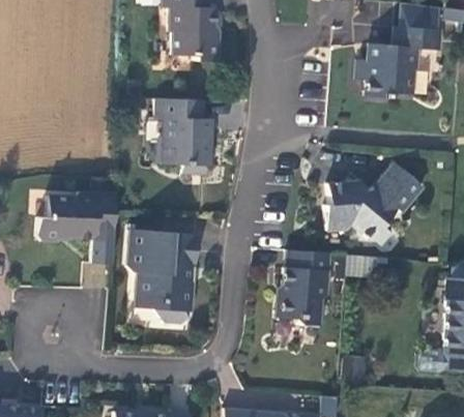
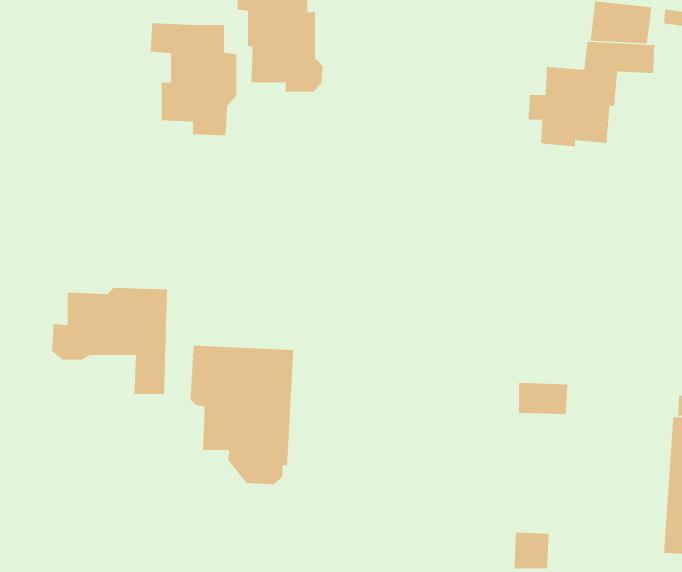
building: [153,99,211,175] -> [150,23,237,136]
building: [320,162,423,240] -> none
building: [273,249,330,326] -> none

